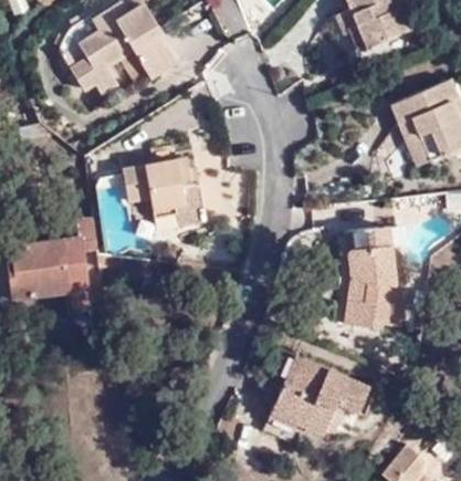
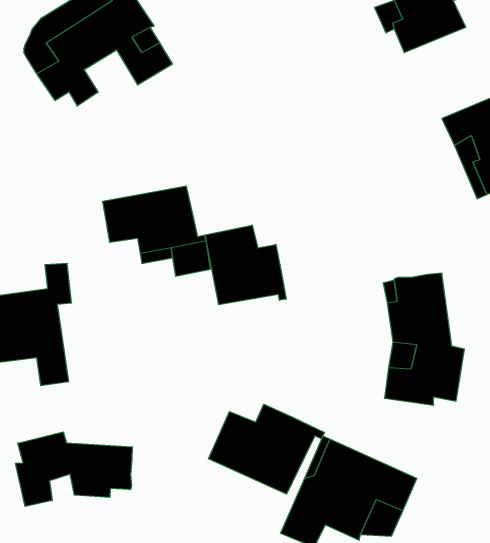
building: none -> [205,225,286,305]
building: none -> [209,404,325,494]
building: none -> [16,432,132,506]

